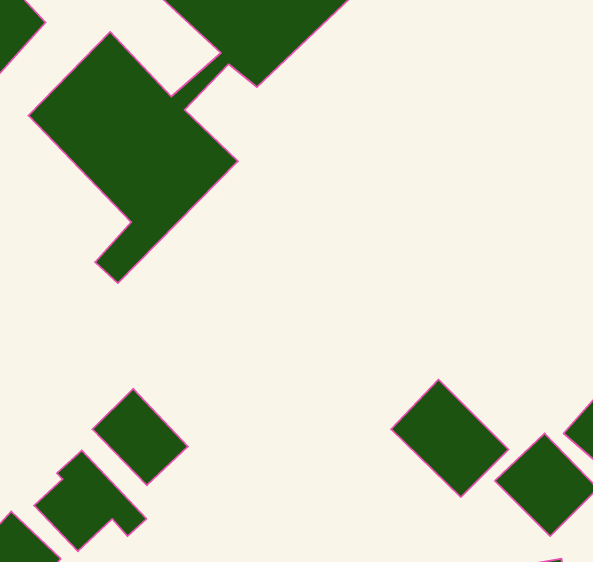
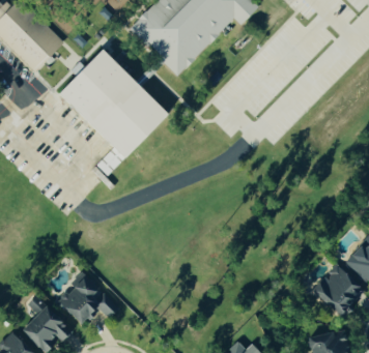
building: [391,380,508,497] -> none
building: [92,389,188,485] -> none

